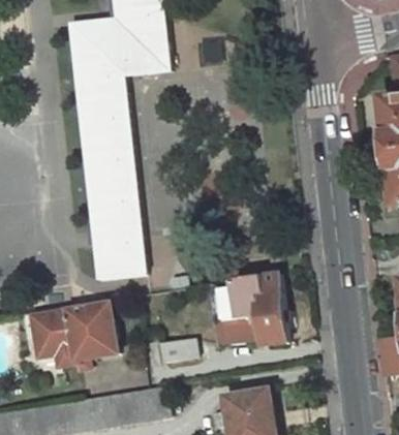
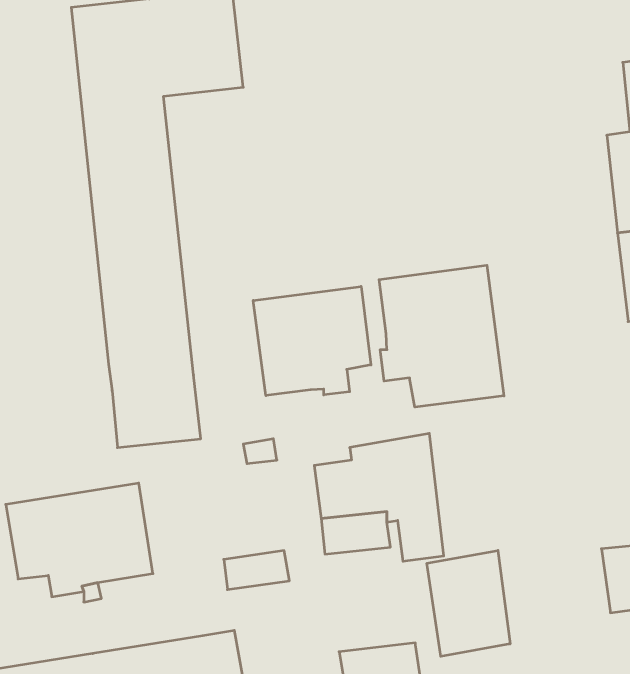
building: none -> [379,265,504,407]
building: none -> [253,286,371,396]
building: none -> [427,550,510,656]

